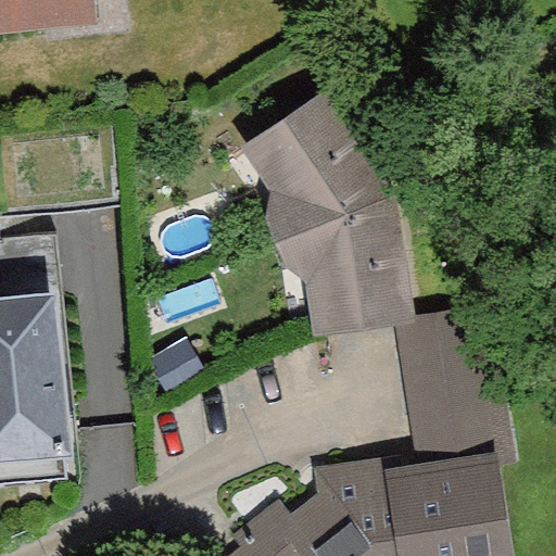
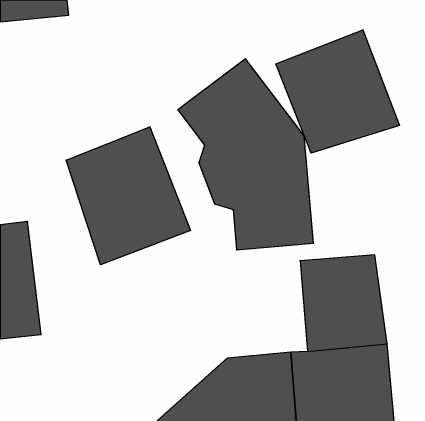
building: none -> [276,30,400,153]
building: none -> [66,127,190,265]

